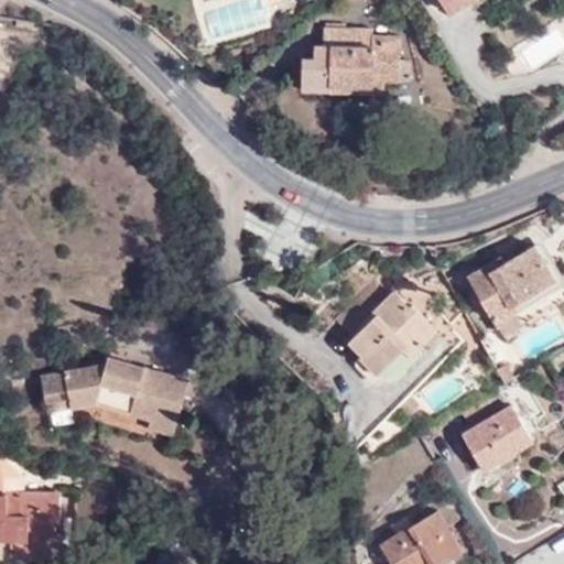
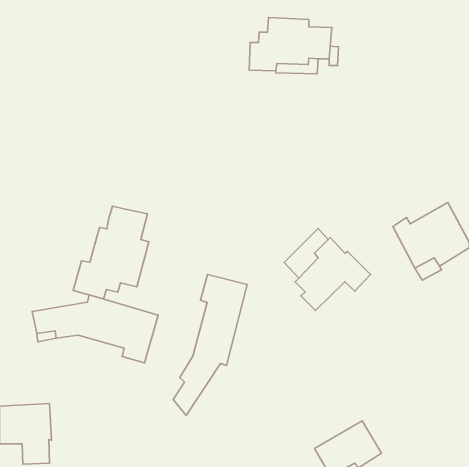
building: none -> [73,206,149,299]
building: none -> [173,274,247,416]
building: [458,410,530,469] -> none

